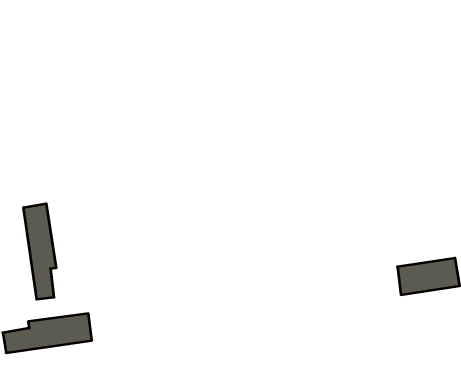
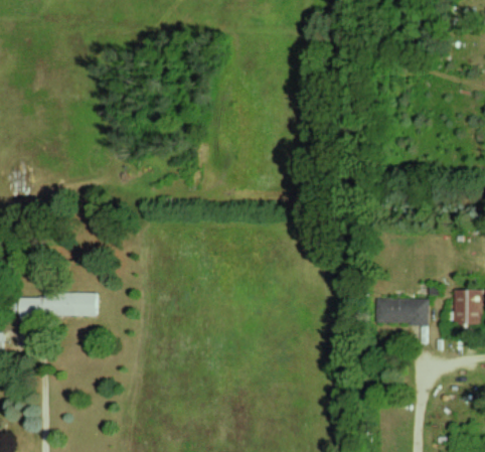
building: [24,204,56,299] -> none

